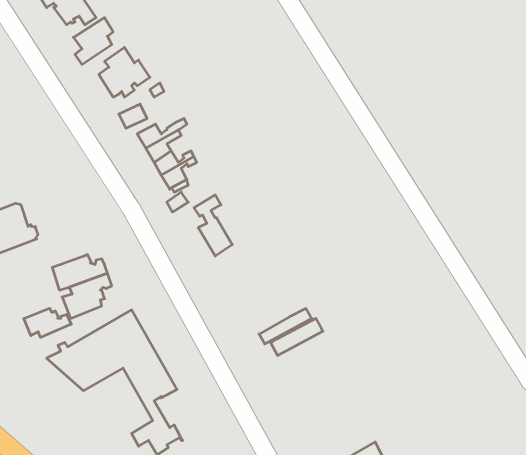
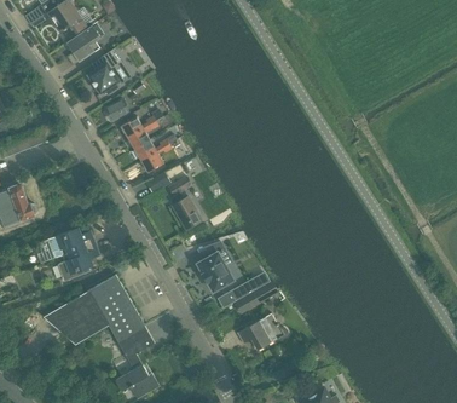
building: none -> [197,242,232,290]
building: [24,308,71,337] -> none
building: none -> [238,313,287,350]

